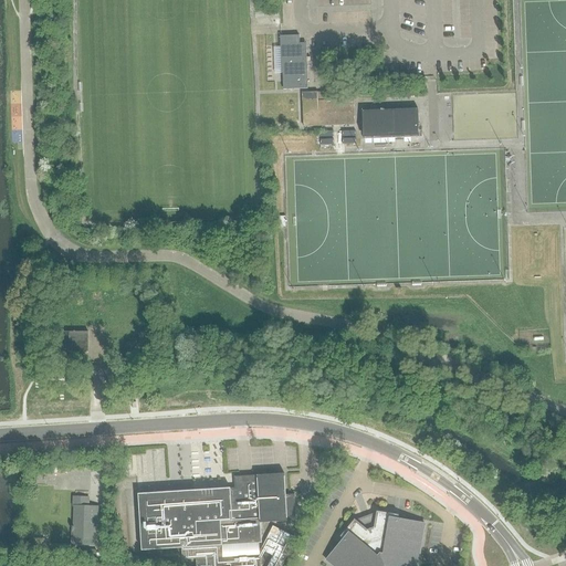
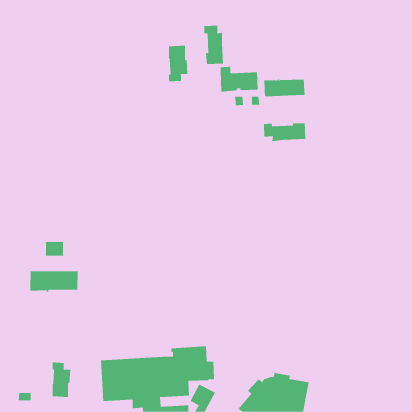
building: none -> [168,45,188,82]
building: none -> [263,122,306,142]
building: none -> [30,269,78,293]

